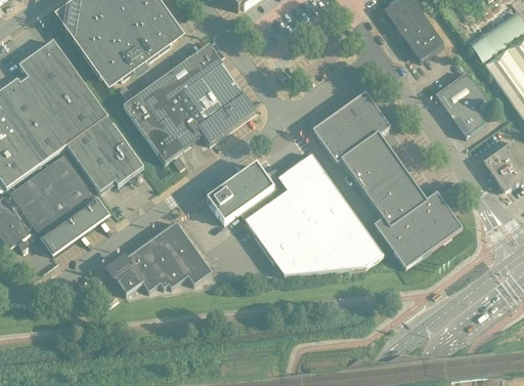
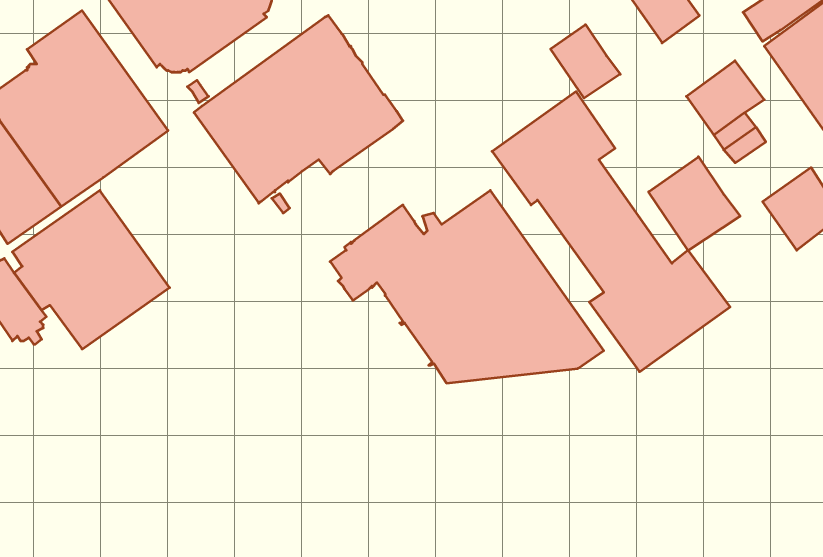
building: none -> [551,25,620,98]
building: [67,115,143,190] -> none
building: none -> [649,157,740,251]
building: [107,219,211,293] -> none

